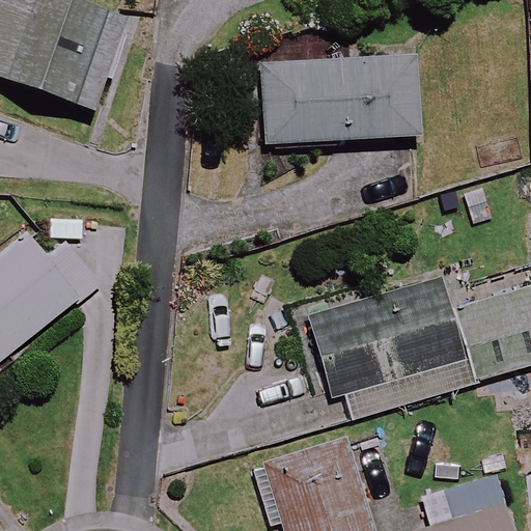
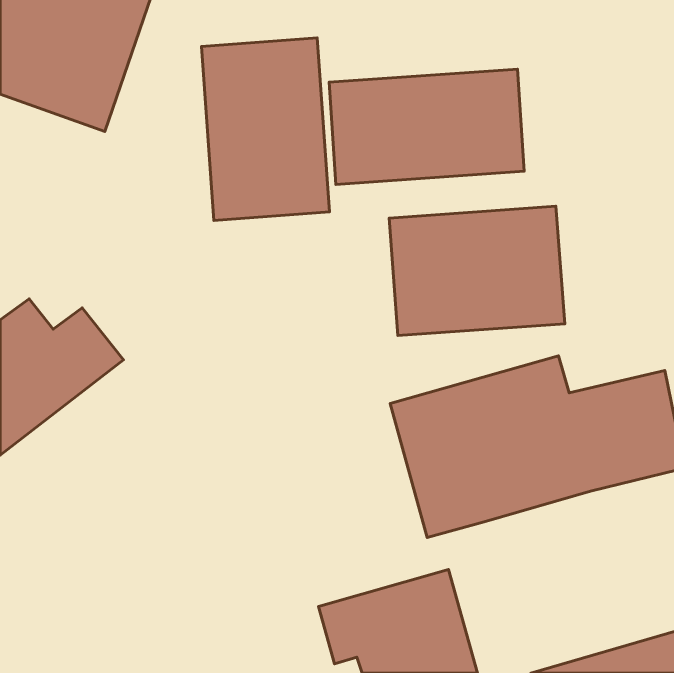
building: none -> [202,38,330,221]
building: none -> [389,206,565,335]

